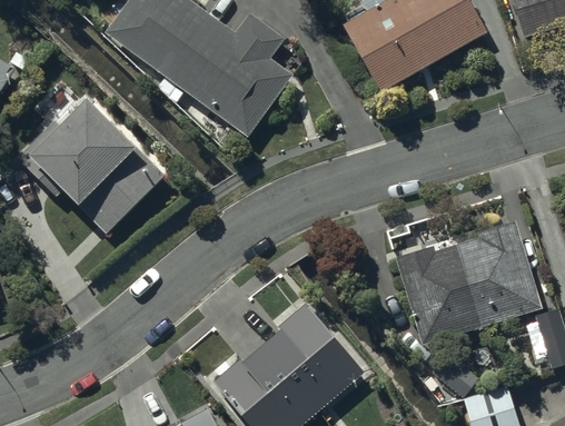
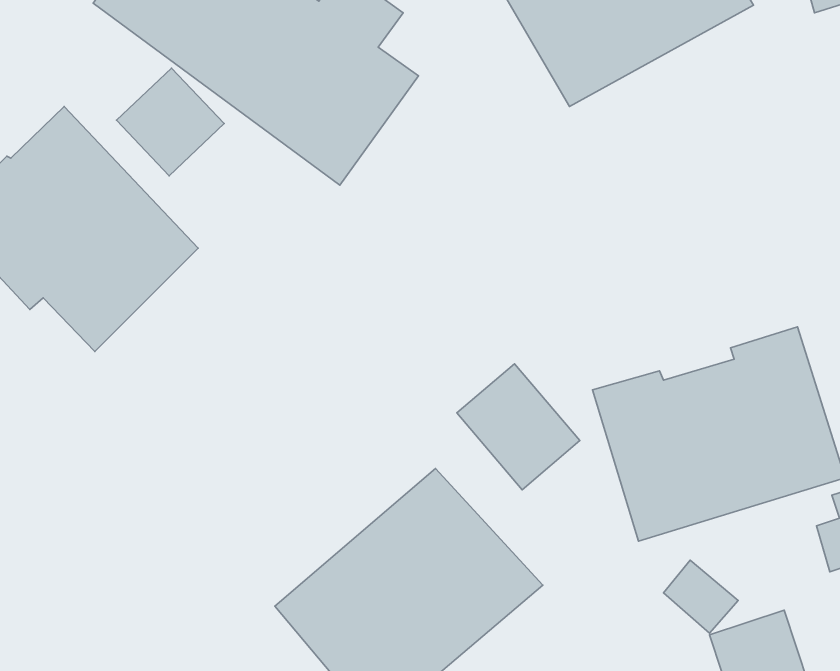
building: none -> [116,68,224,176]
building: none -> [457,364,580,490]

